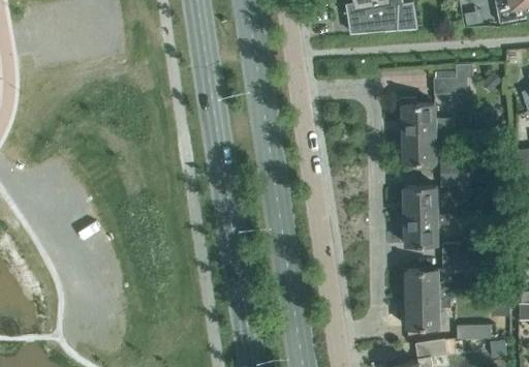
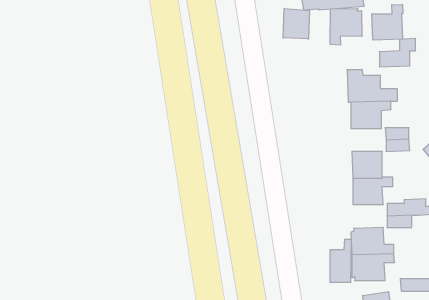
building: none -> [372,4,403,40]
building: none -> [330,8,362,45]
building: none -> [283,8,310,39]
building: none -> [330,239,351,283]

